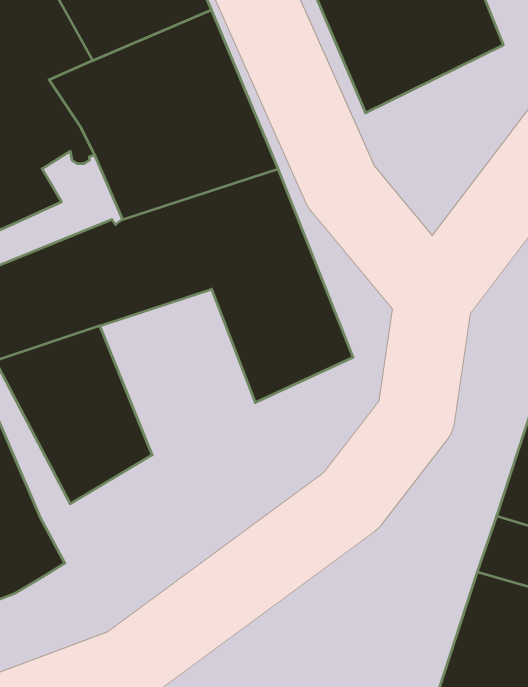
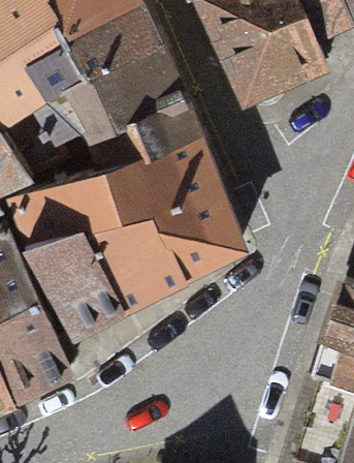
building: none -> [92,213,184,311]

